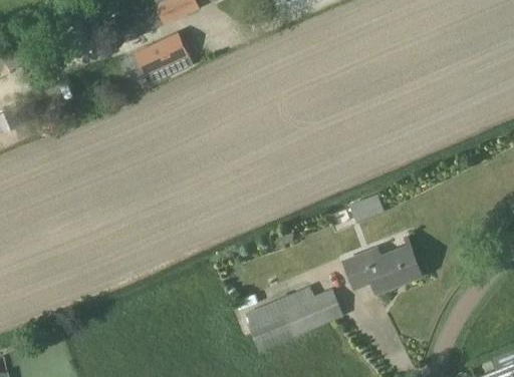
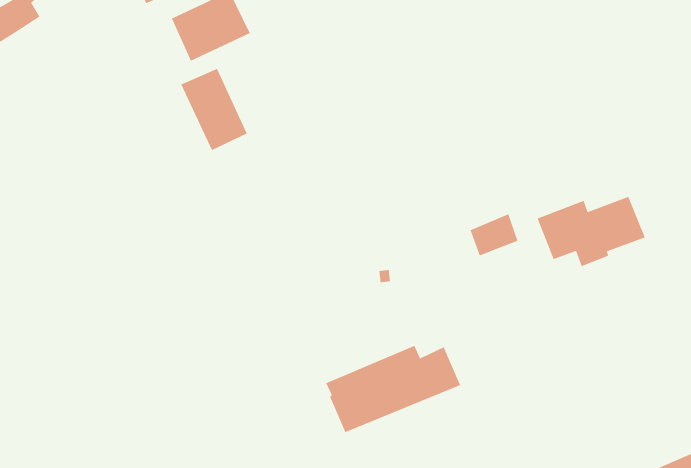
building: none -> [180,68,248,151]
building: [343,244,422,295] -> [536,196,646,267]

